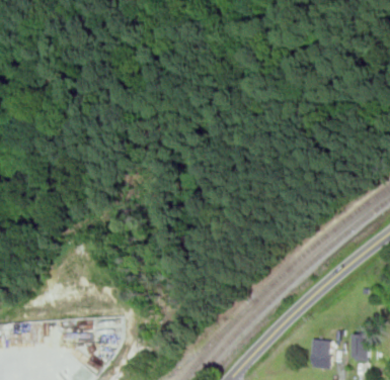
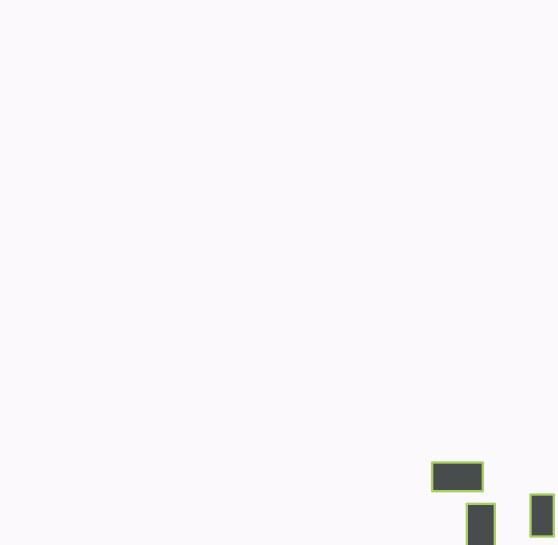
building: none -> [432,462,483,491]

